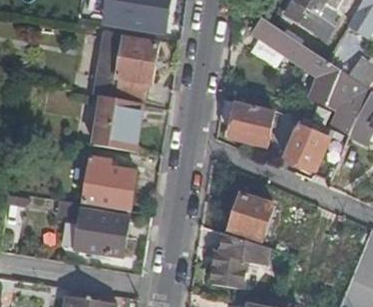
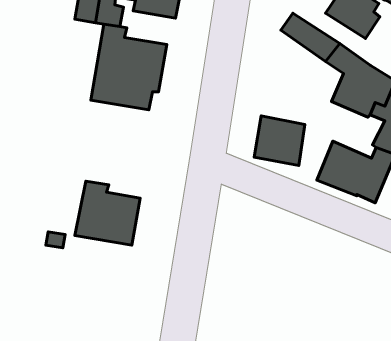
building: [92,96,142,151] -> none
building: [230,195,275,241] -> none
building: [72,209,127,257] -> none
building: [204,233,266,285] -> none

